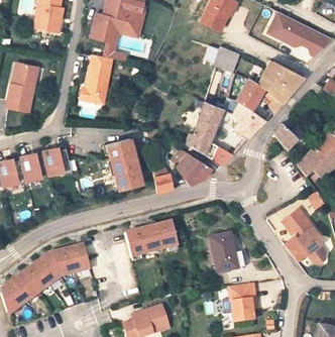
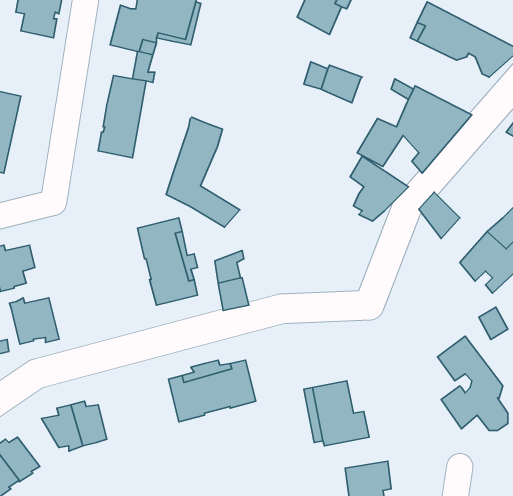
building: [190,101,233,165] -> [166,117,240,227]
building: [42,148,72,176] -> [9,298,59,344]
building: [173,148,212,185] -> none
building: [34,256,61,285] -> none

